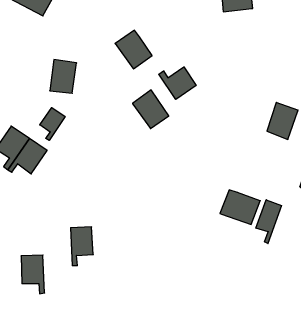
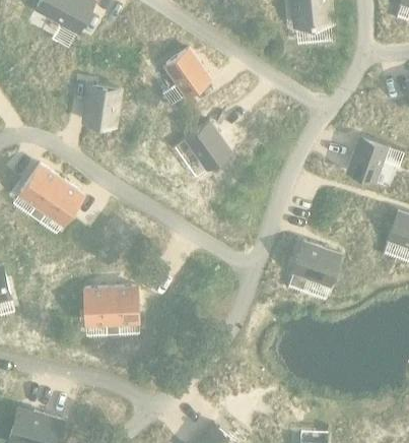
building: [159,67,196,99] -> none
building: [40,108,65,140] -> none
building: [256,200,281,244] -> none
building: [21,255,45,294] -> [83,289,112,335]

